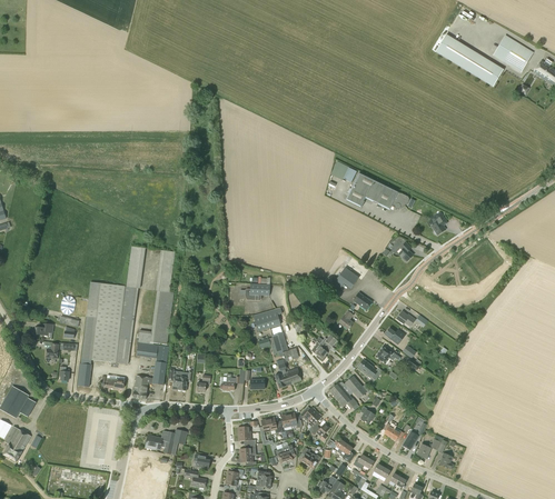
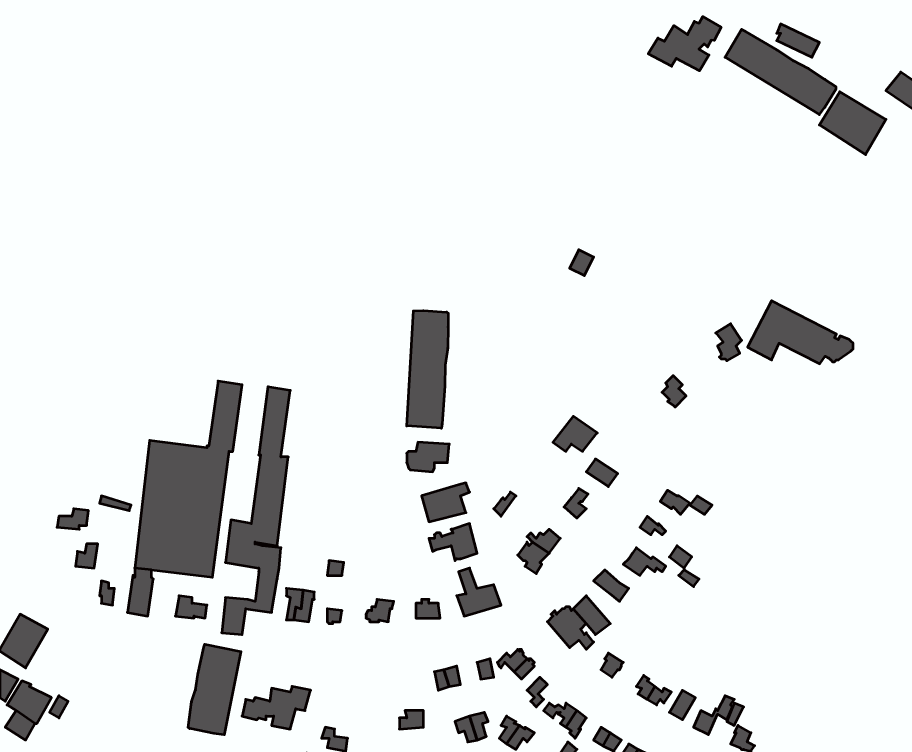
building: none -> [648,17,721,71]
building: [493,34,533,72] -> [819,92,886,155]
building: [345,171,408,209] -> [748,301,853,364]
building: none -> [407,311,448,428]
building: none -> [188,644,241,735]

